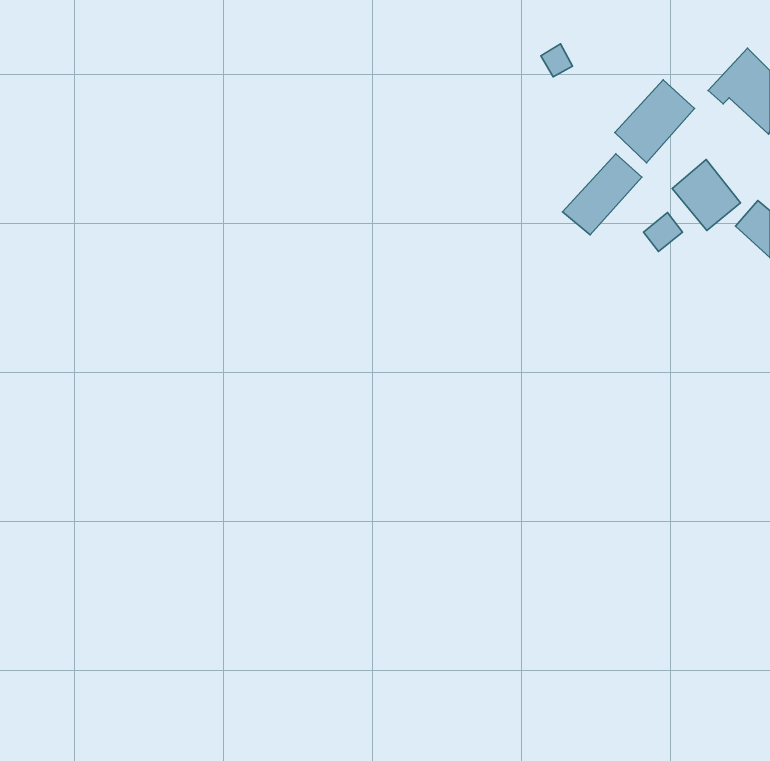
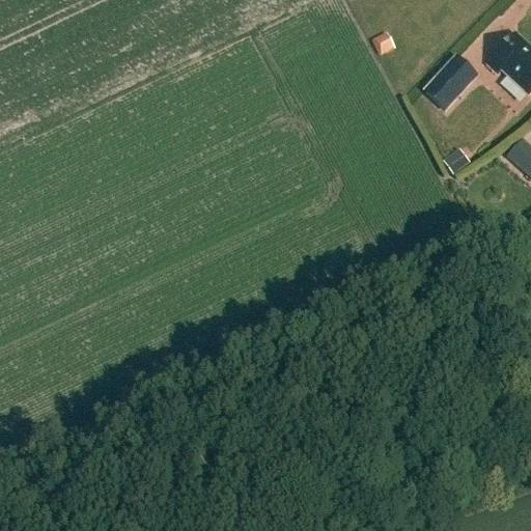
building: [563,154,642,235] -> none
building: [672,160,741,230] -> none

